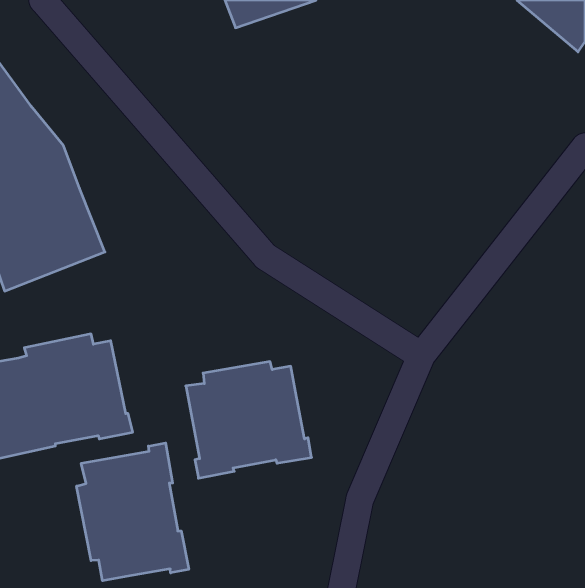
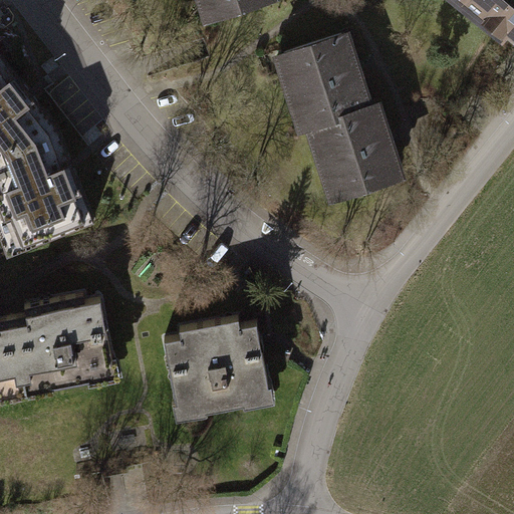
building: none -> [271,27,403,202]
building: [77,443,189,581] -> none

